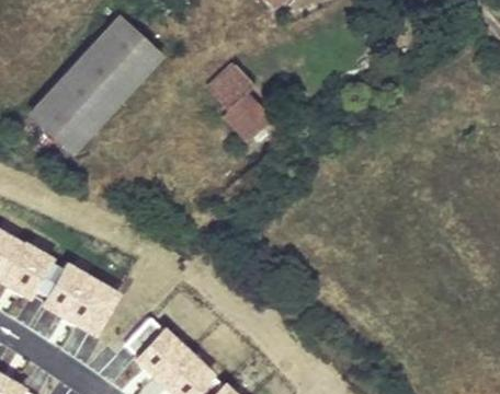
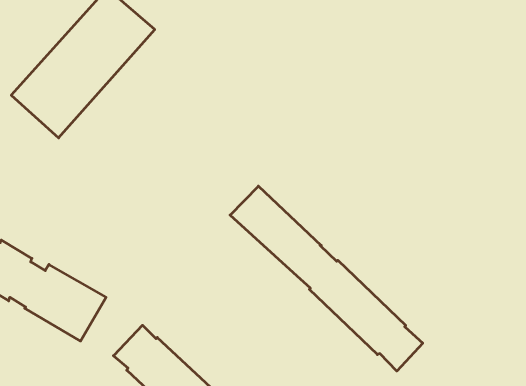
building: [211,60,273,140] -> none
building: none -> [230,186,423,371]

